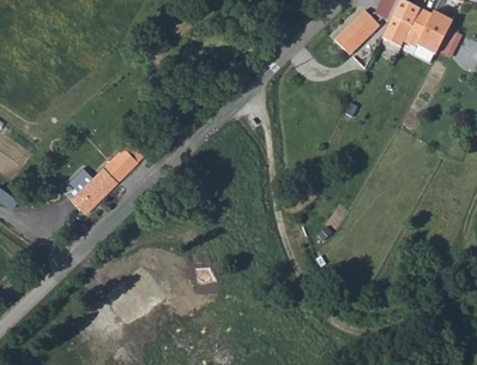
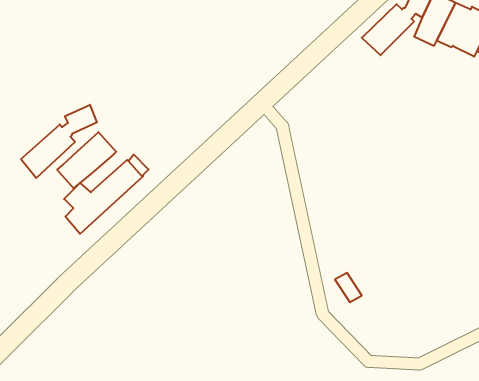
building: none -> [21,105,97,178]
building: none -> [57,132,116,188]

